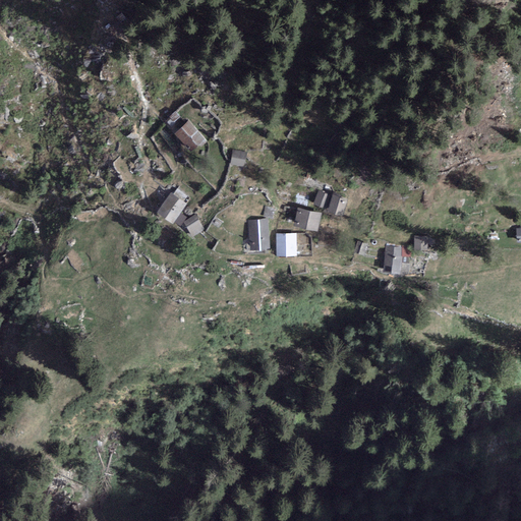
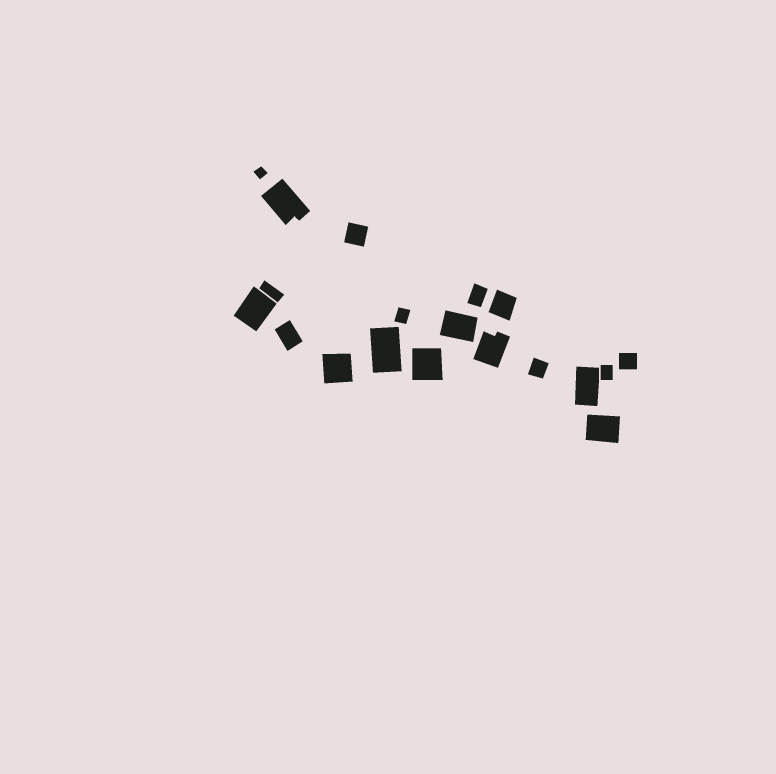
building: none -> [472,330,511,369]
building: none -> [321,353,353,384]
building: none -> [585,414,621,444]

